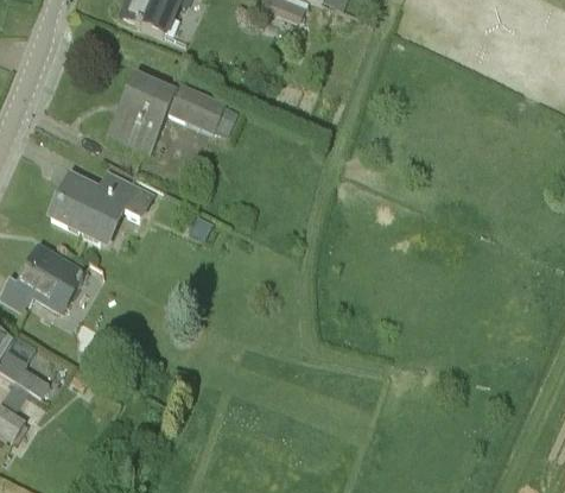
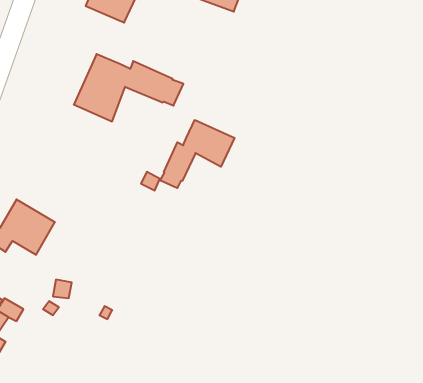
building: none -> [160,120,234,188]
building: [49,172,152,245] -> none

